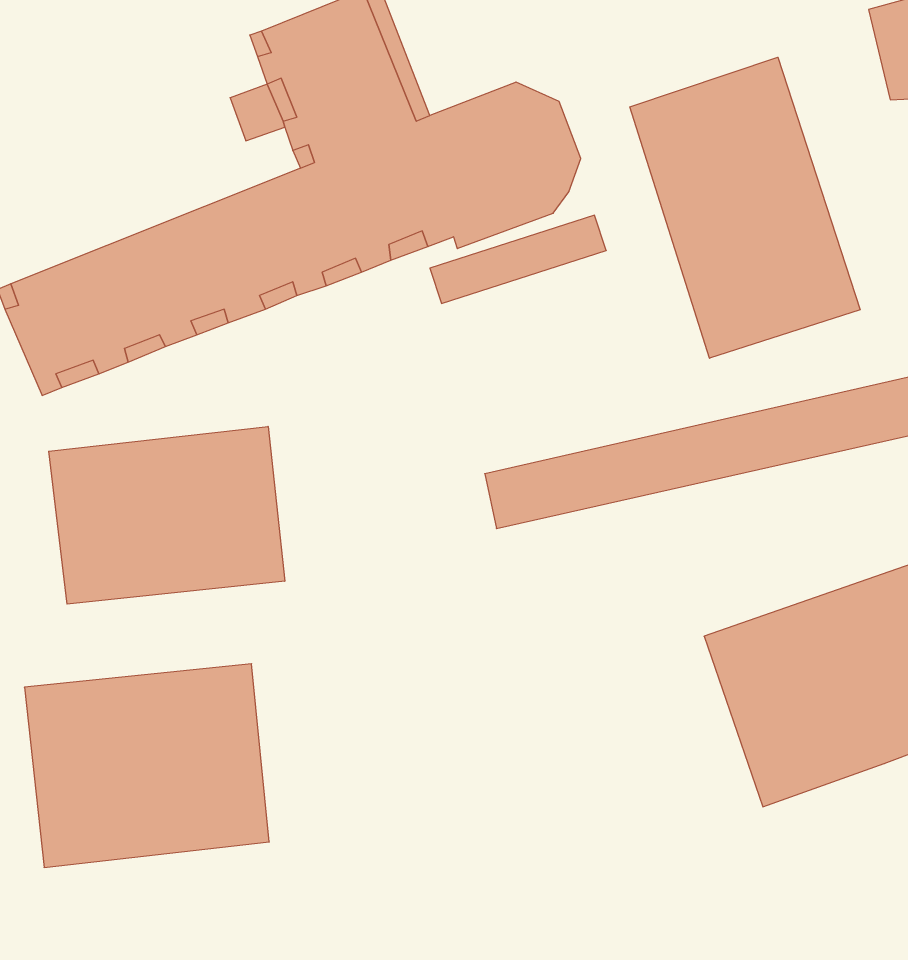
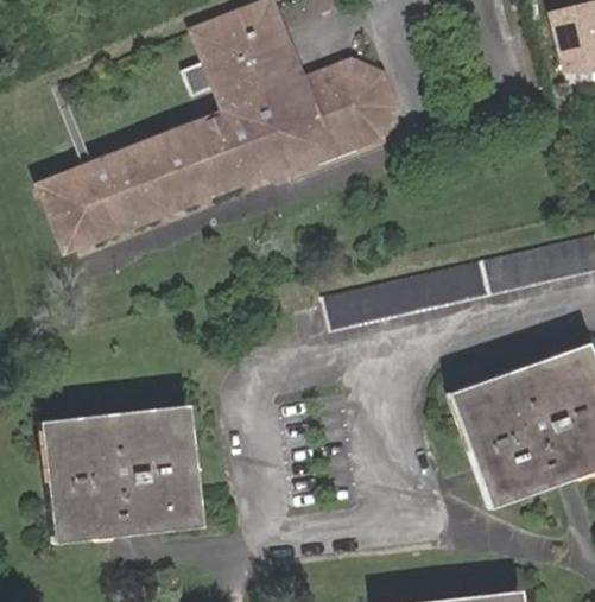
building: [630,57,860,358] -> none
building: [49,426,285,604] -> none

